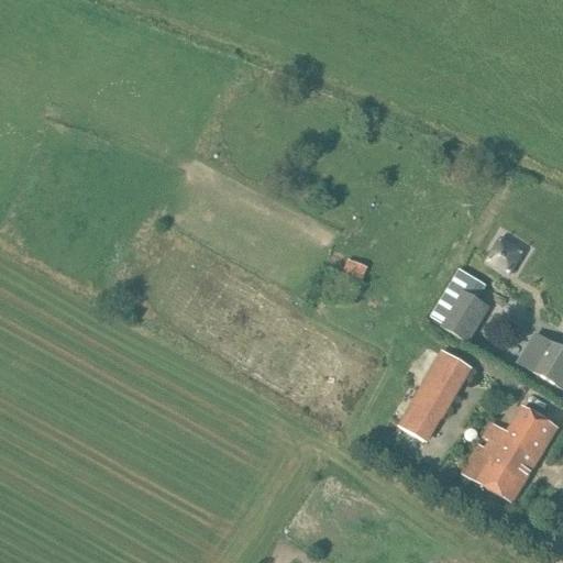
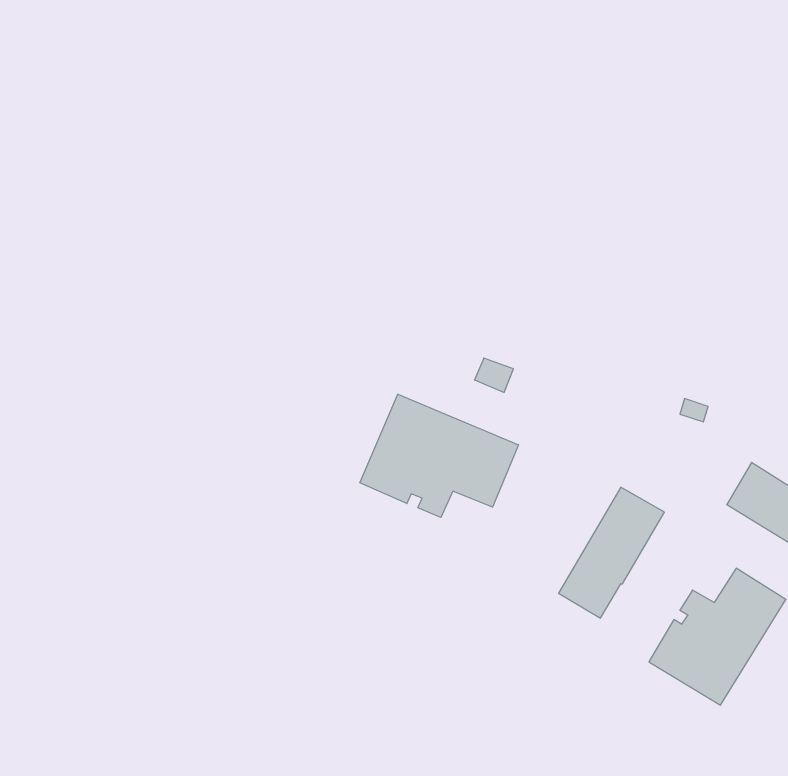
building: none -> [360,394,518,517]
building: [440,287,490,341] -> none

